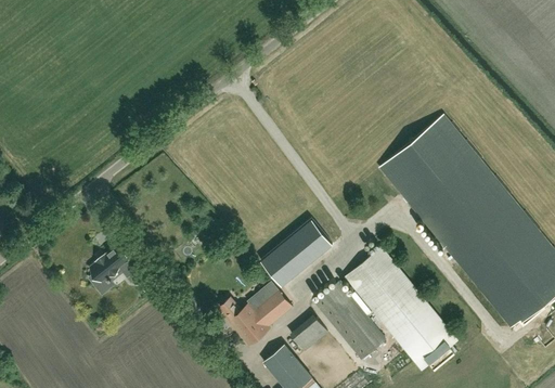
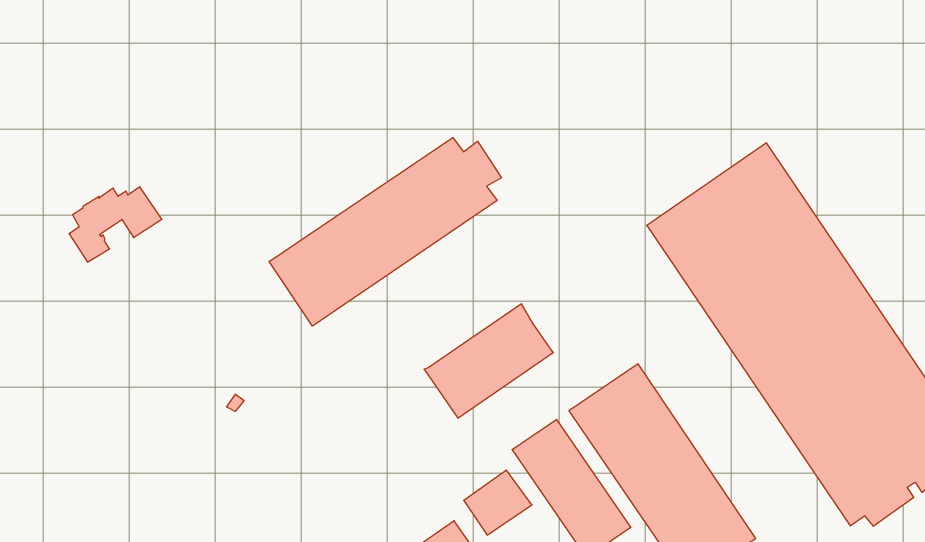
building: none -> [269,138,501,326]
building: [90,247,142,293] -> [69,187,162,262]
building: [220,290,293,347] -> none

